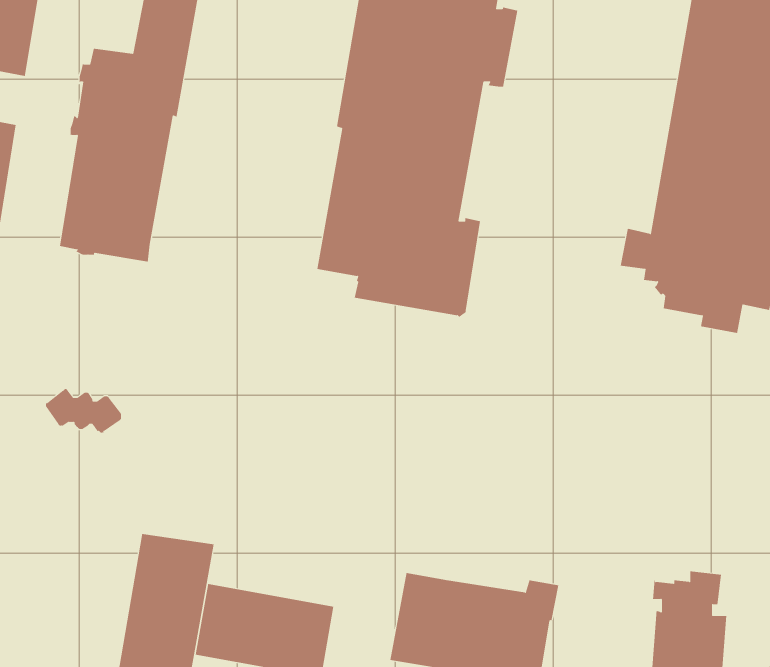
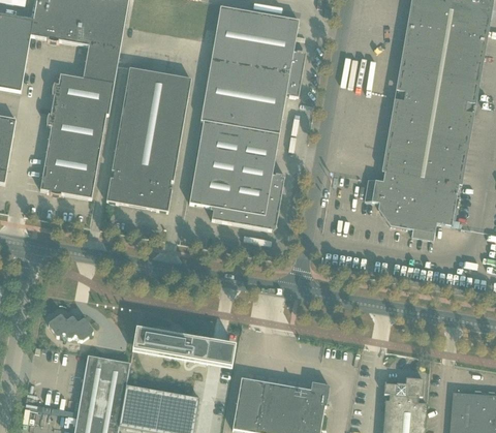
building: none -> [106,66,191,211]
building: [45,389,122,433] -> [49,313,93,339]
building: none -> [132,327,236,367]

